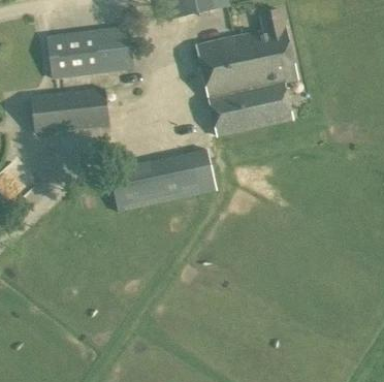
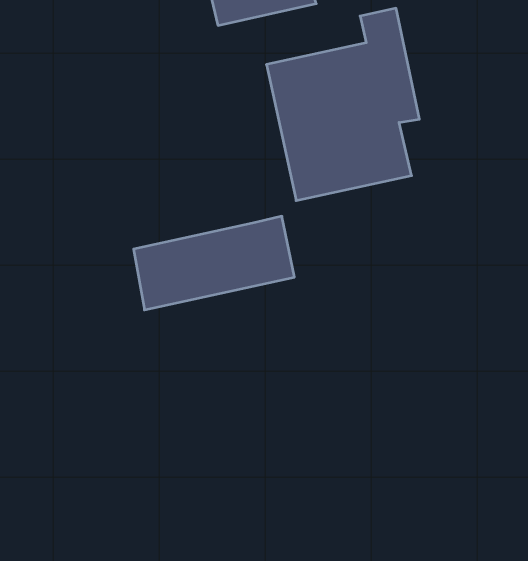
building: [45,26,133,78] -> none
building: [30,88,109,133] -> none

